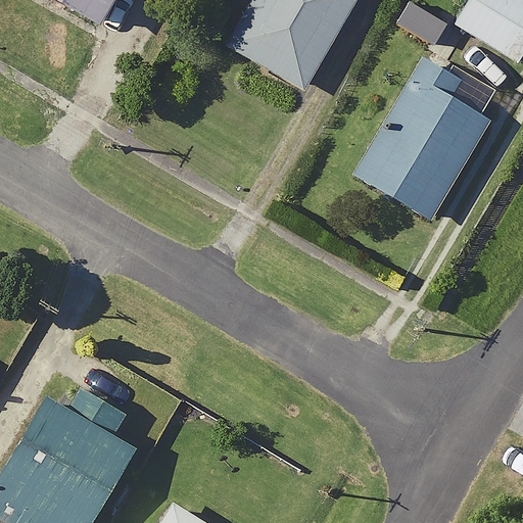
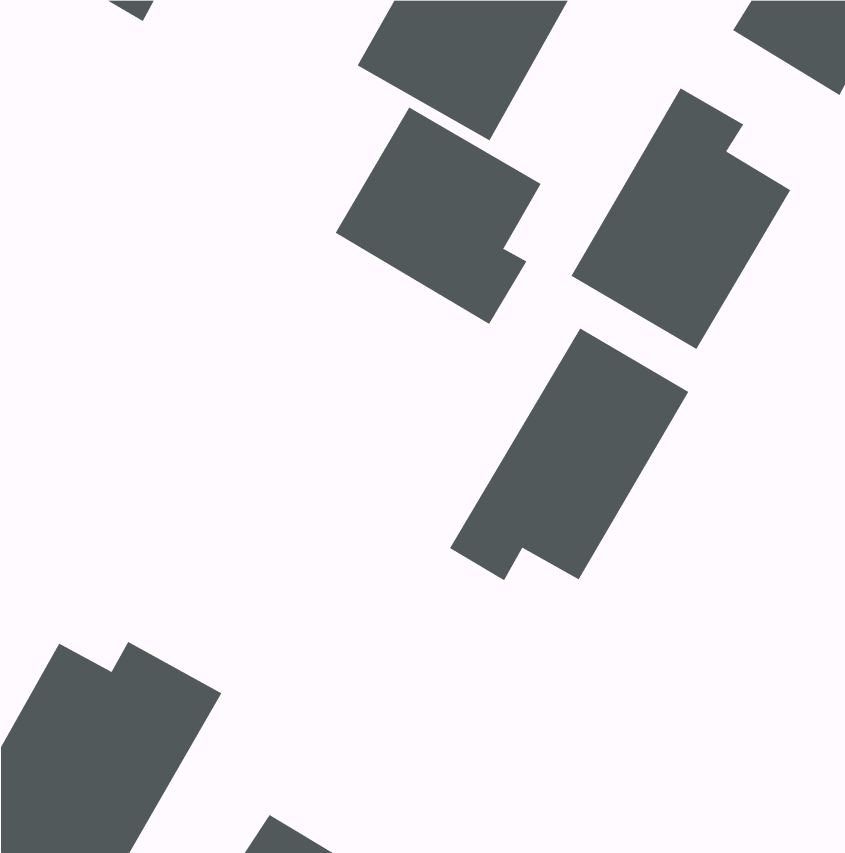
building: none -> [335,106,541,325]
building: none -> [449,327,689,581]

